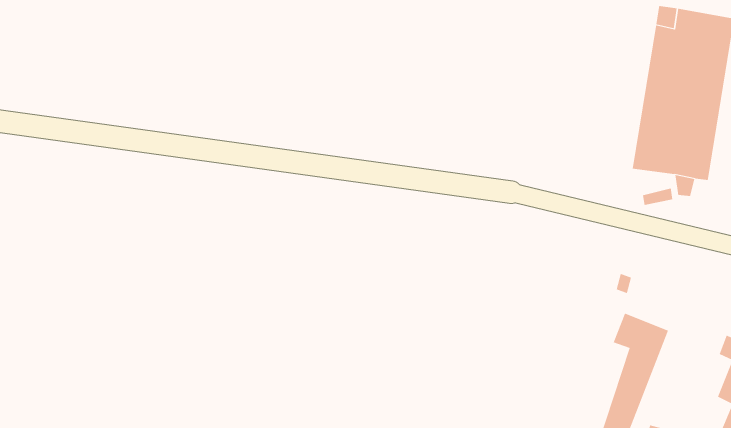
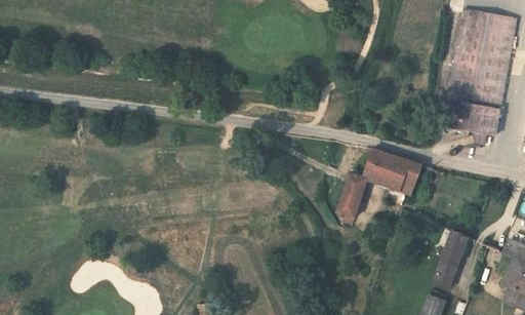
building: none -> [334,147,430,225]

